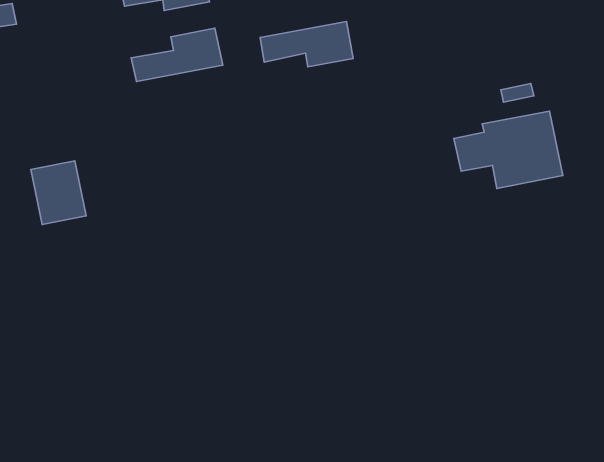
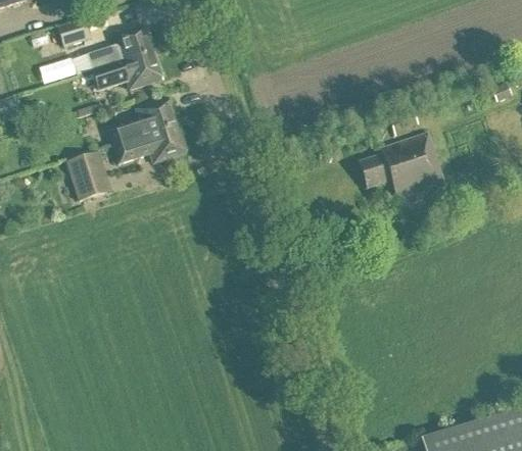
building: [260,21,353,67] -> [112,126,185,163]
building: [31,161,86,224] -> [64,150,110,201]

